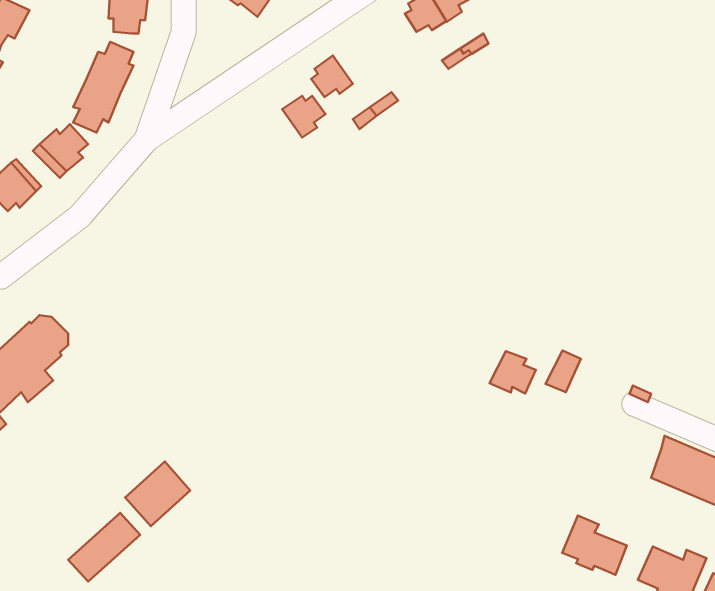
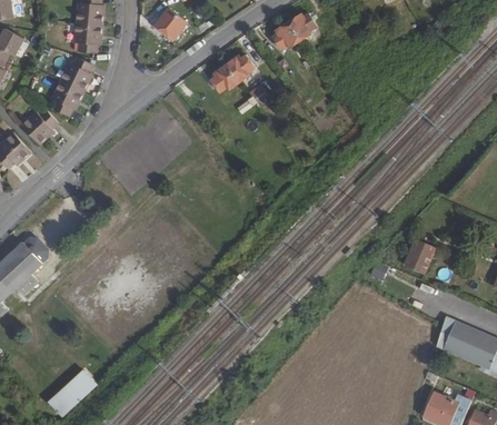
building: [282,96,326,138] -> [223,56,252,83]
building: none -> [399,238,431,274]
building: [490,351,536,393] -> none
building: [125,462,190,526] -> none
building: [562,516,627,575] -> none

